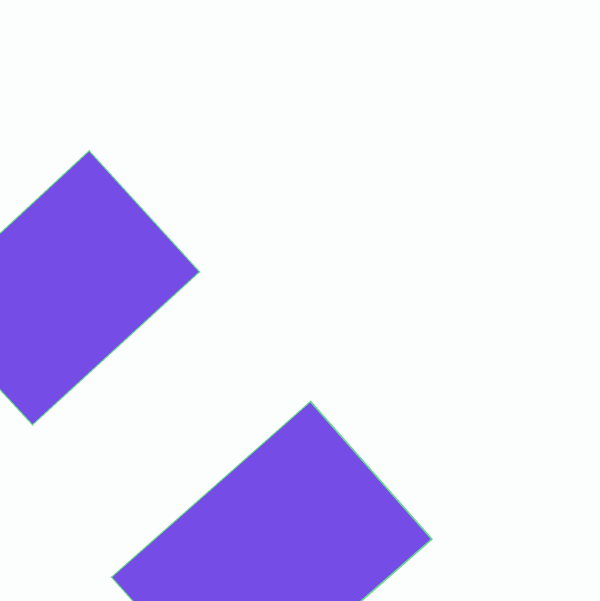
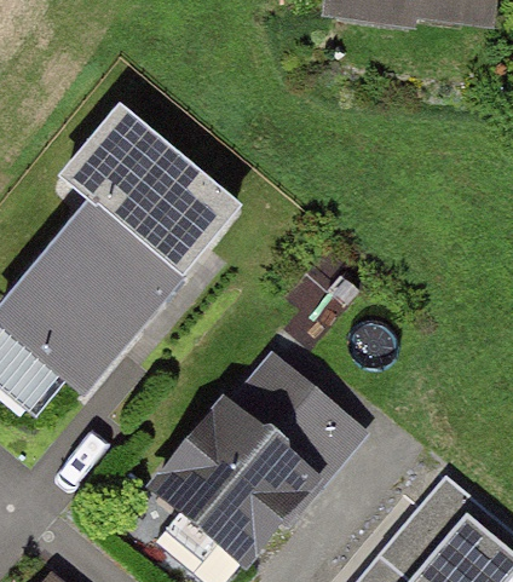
building: none -> [65,111,232,269]

